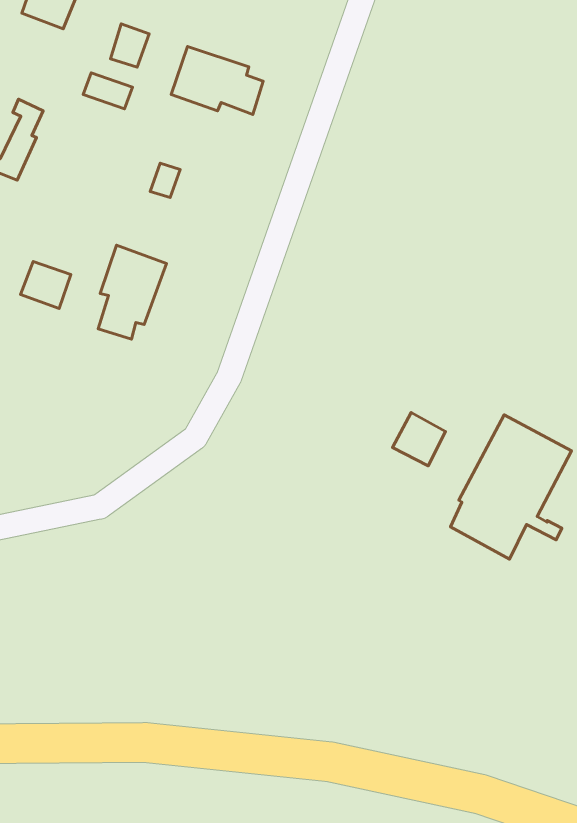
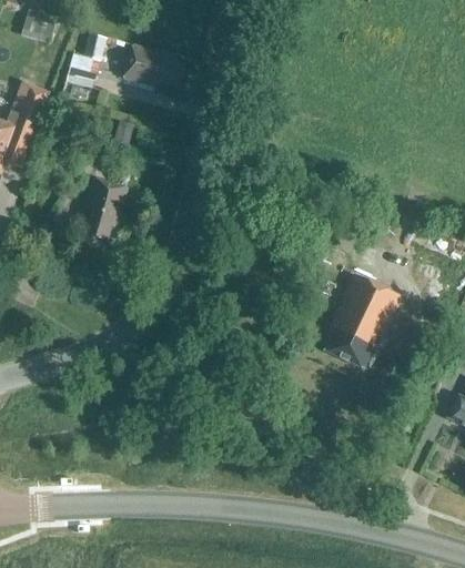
building: [21,262,71,309] -> none
building: [392,412,446,466] -> none

